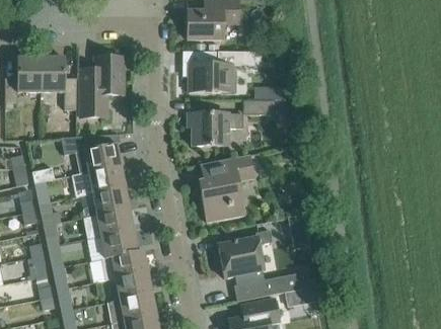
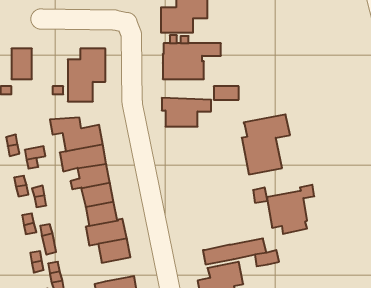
building: [41,57,65,91] -> none
building: [199,154,253,222] -> [242,114,290,174]
building: [218,229,272,284] -> [267,185,314,234]
building: [107,293,156,323] -> none

